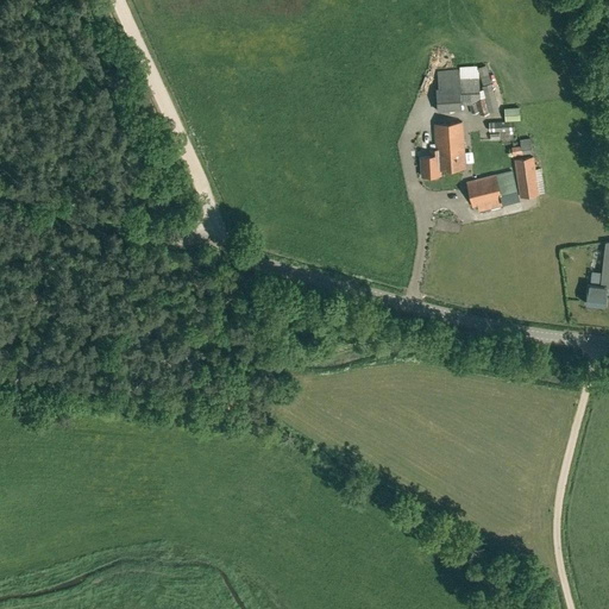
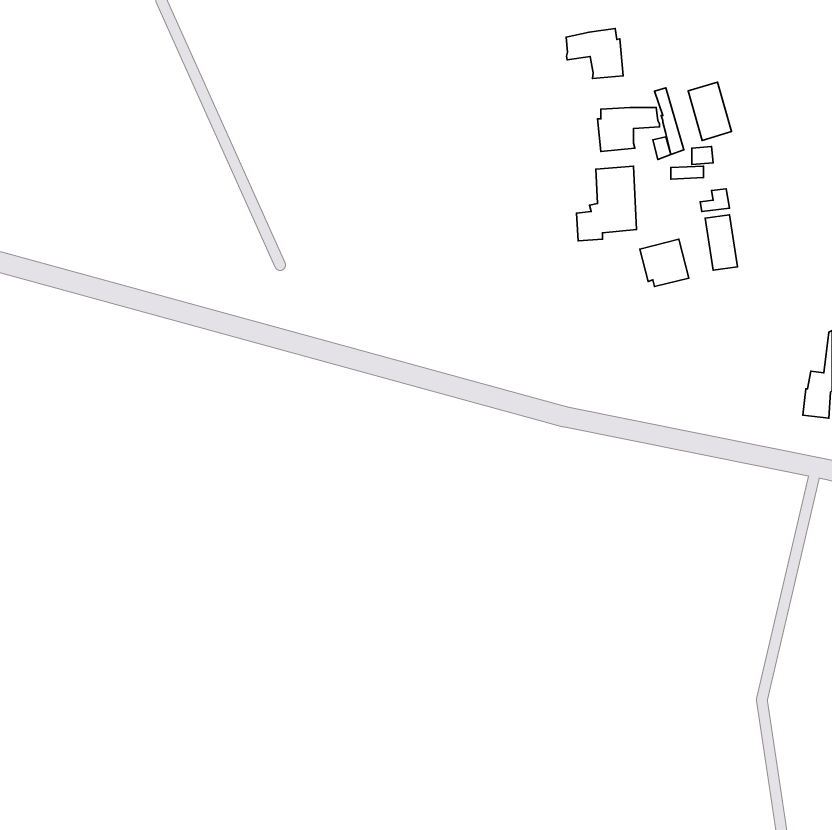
building: none -> [566,28,623,79]
building: none -> [688,82,732,140]

